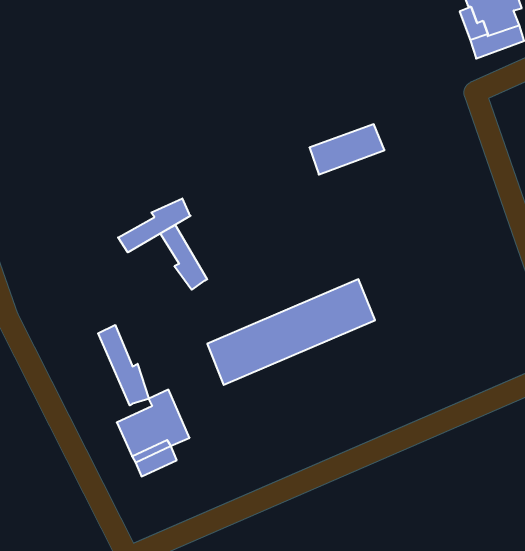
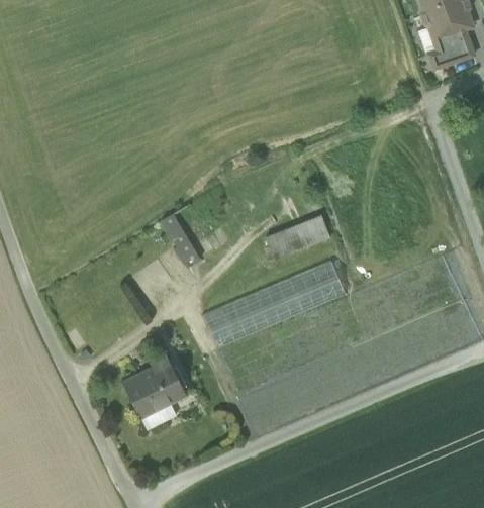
building: [309,124,385,175] -> [267,214,331,258]
building: [118,198,191,252] -> none
building: [98,325,149,405] -> none

